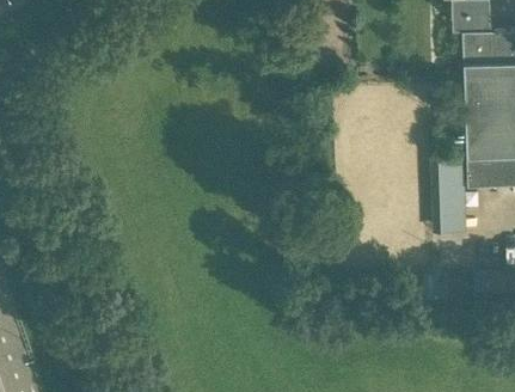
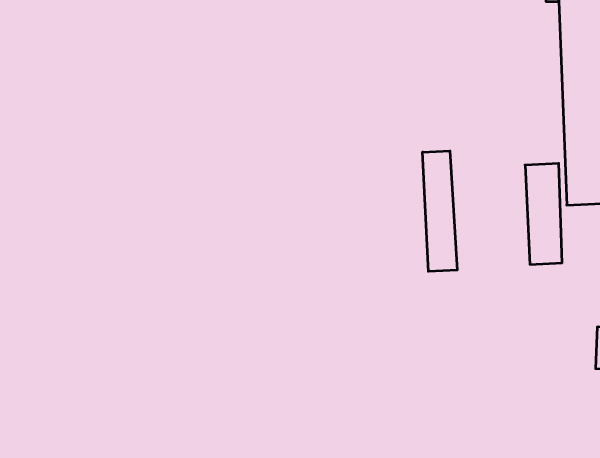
building: none -> [423,151,457,271]

